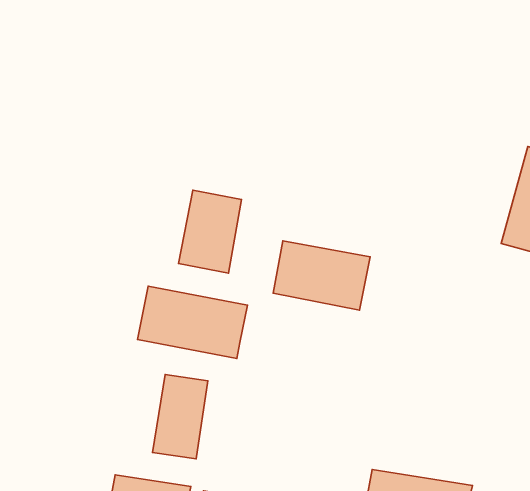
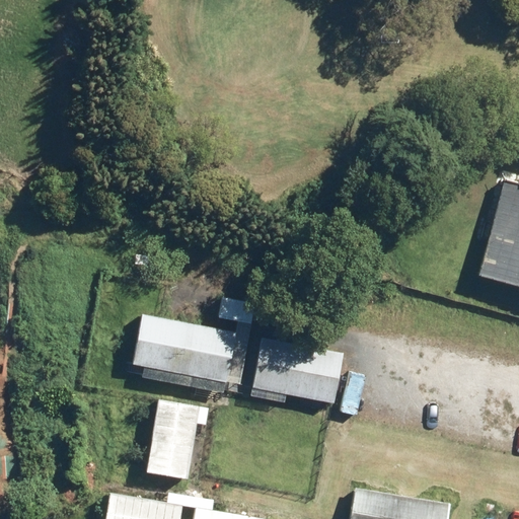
building: [178,190,241,273] -> none
building: [273,241,370,310] -> [252,339,345,404]

